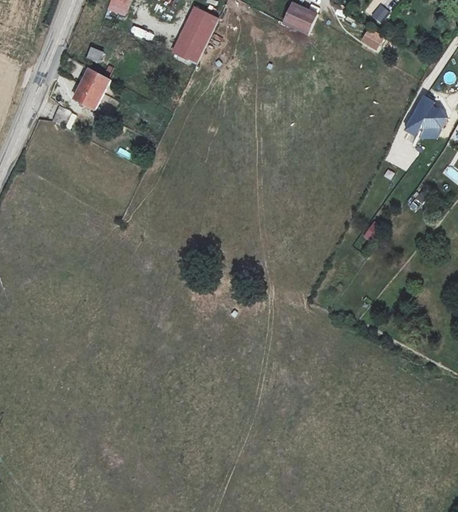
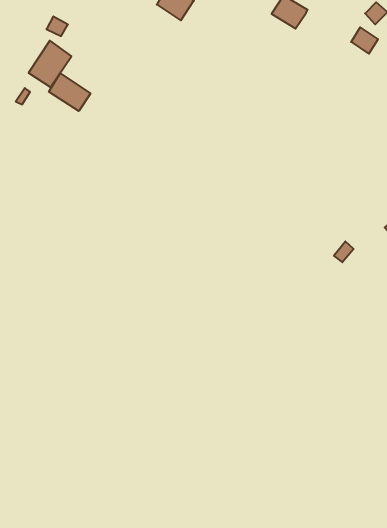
building: [169,25,205,62] -> none
building: none -> [49,73,90,111]

